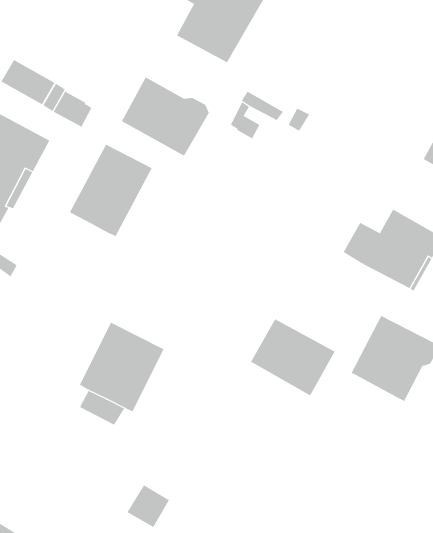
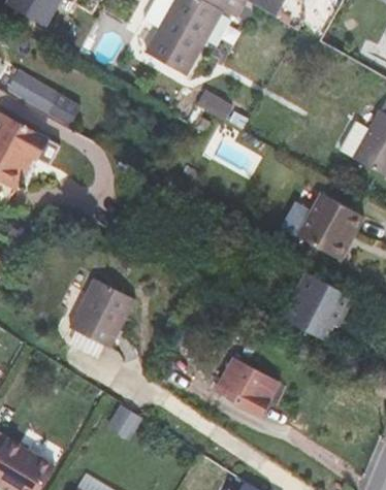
building: [121,76,209,157] -> none
building: [69,144,153,237] -> none
building: [250,319,335,396] -> [214,357,281,418]

